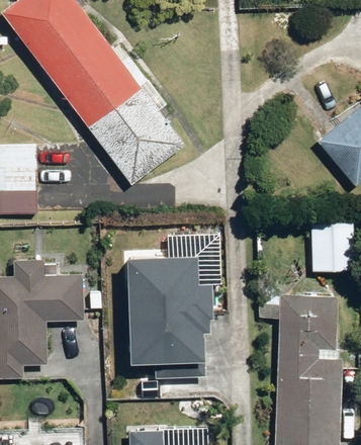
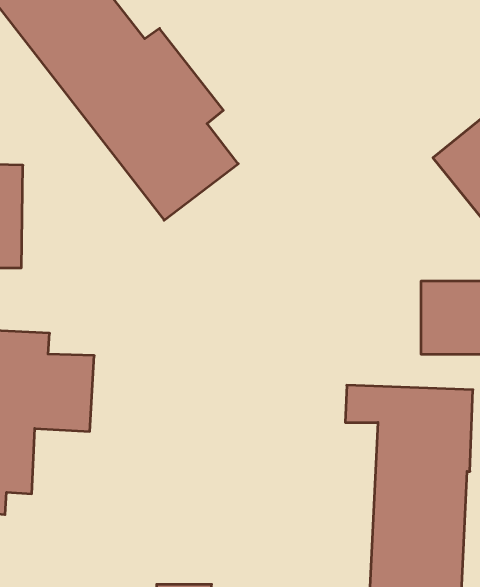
building: [127,254,212,363] -> none

